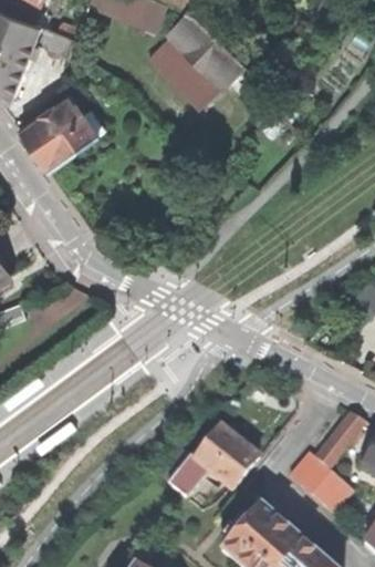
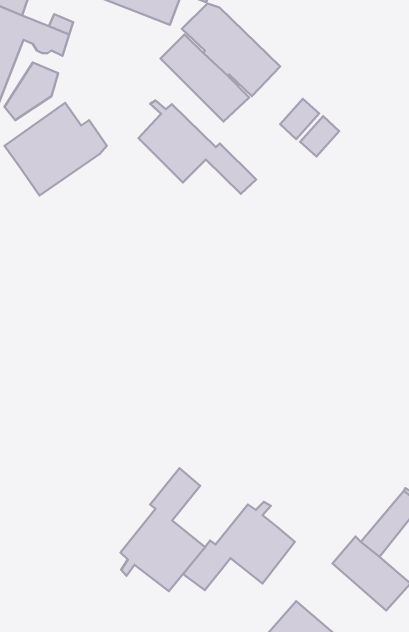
building: none -> [139,100,256,194]
building: none -> [121,468,205,591]

